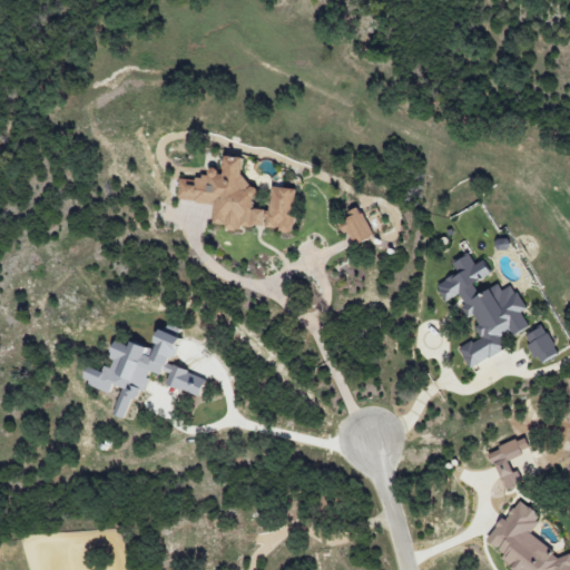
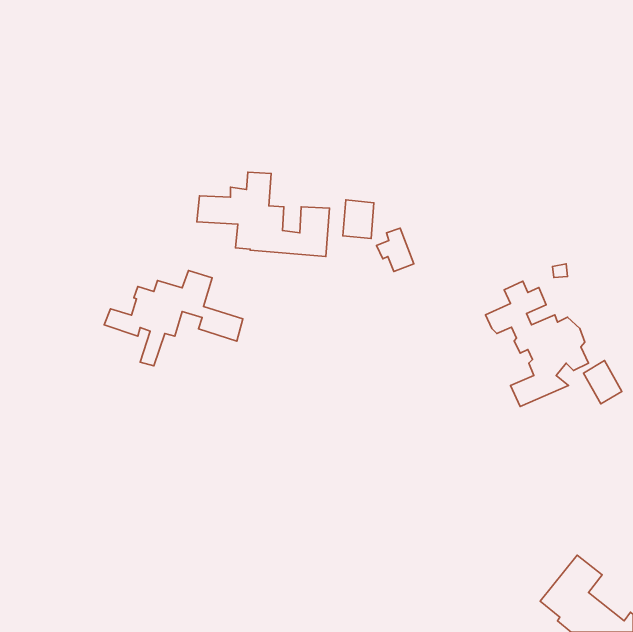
building: none -> [343,200,374,239]
building: [81,332,206,417] -> [104,270,243,366]
building: [489,436,530,489] -> none

